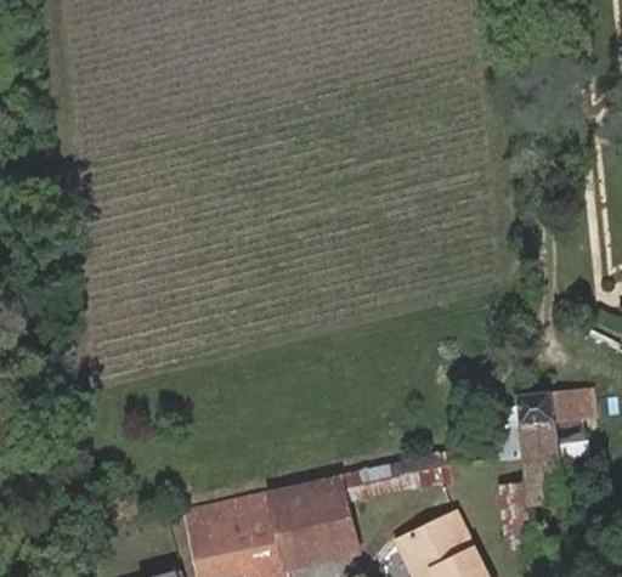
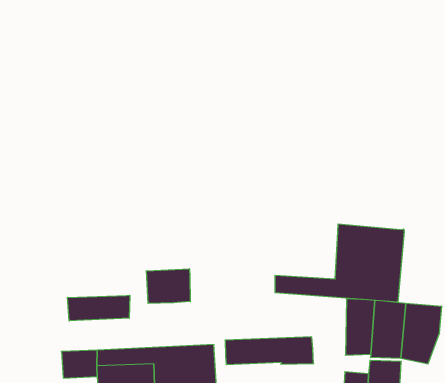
building: none -> [275,224,404,302]
building: none -> [146,269,190,303]
building: none -> [68,295,130,321]

